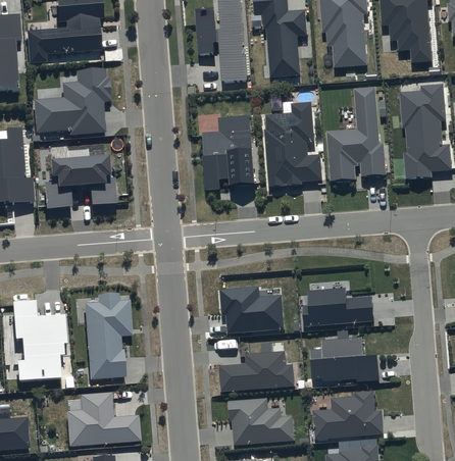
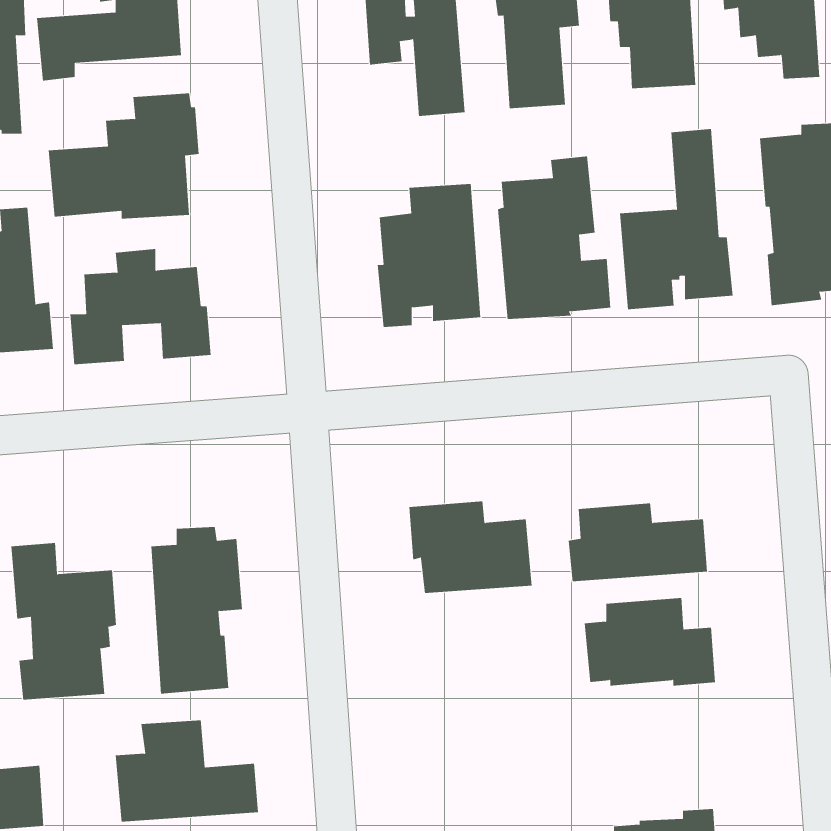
building: [217,346,294,388] -> none
building: [310,387,382,436] -> none
building: [226,393,293,442] -> none

